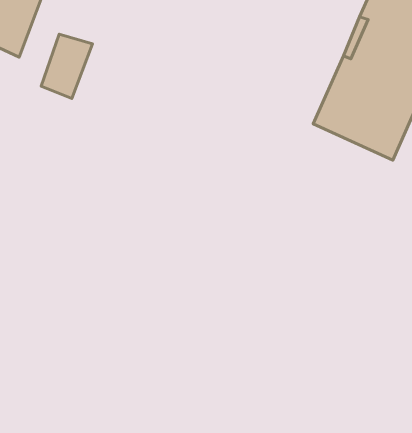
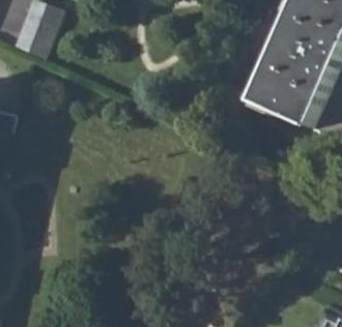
building: [41,34,92,98] -> none

